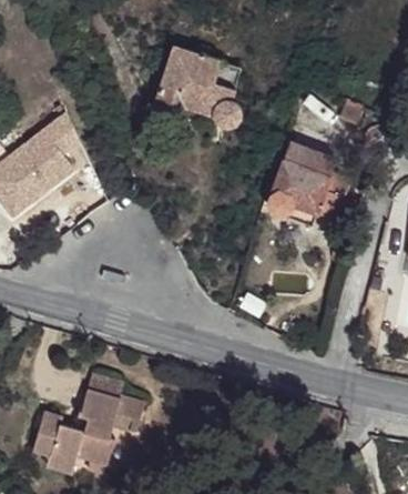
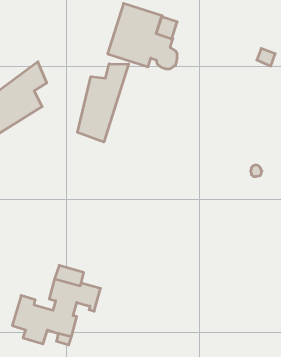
building: none -> [77,64,129,142]
building: [268,141,353,225] -> none

